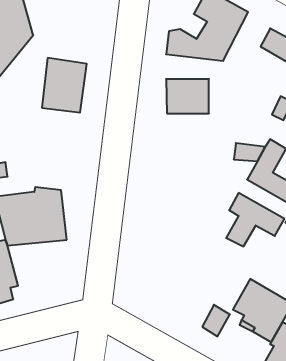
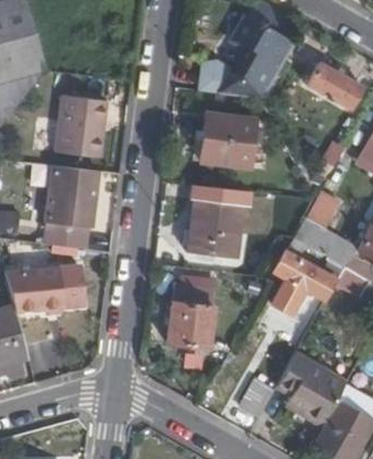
building: none -> [46,165,99,249]
building: none -> [188,183,250,256]
building: none -> [168,282,212,347]

